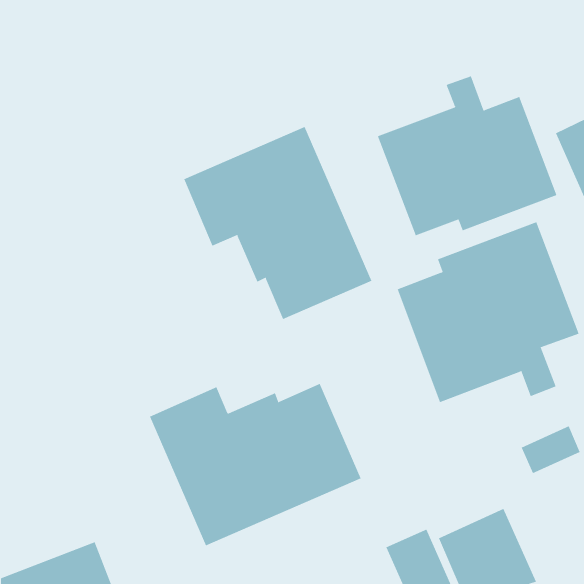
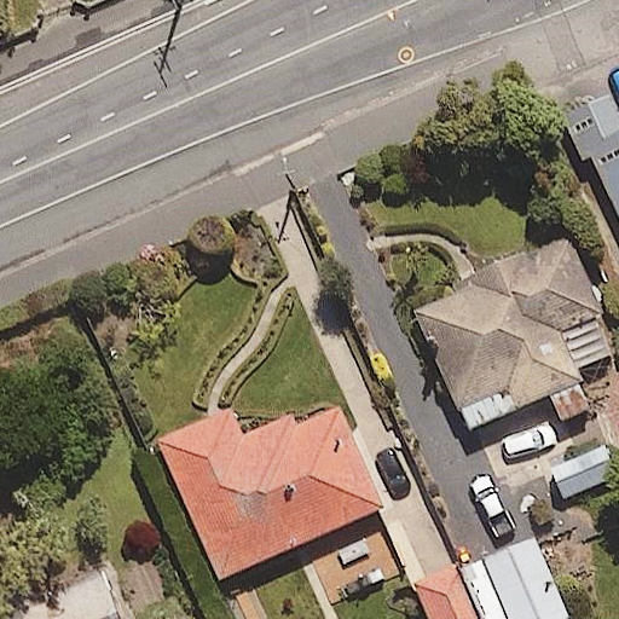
building: [377,75,557,236] -> none
building: [183,126,372,320] -> none

